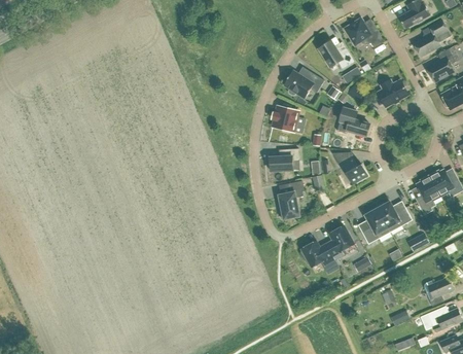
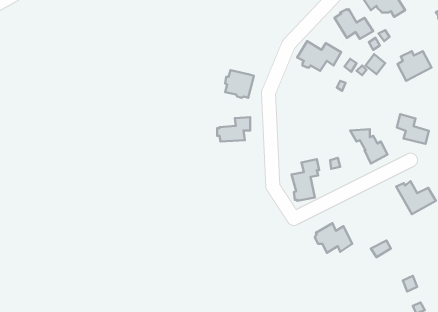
building: [272,106,298,132] -> [225,70,254,98]
building: [340,108,369,136] -> [397,114,429,144]
building: [268,148,298,171] -> [217,117,250,141]
building: [364,206,390,242] -> none
building: [326,225,354,259] -> none

